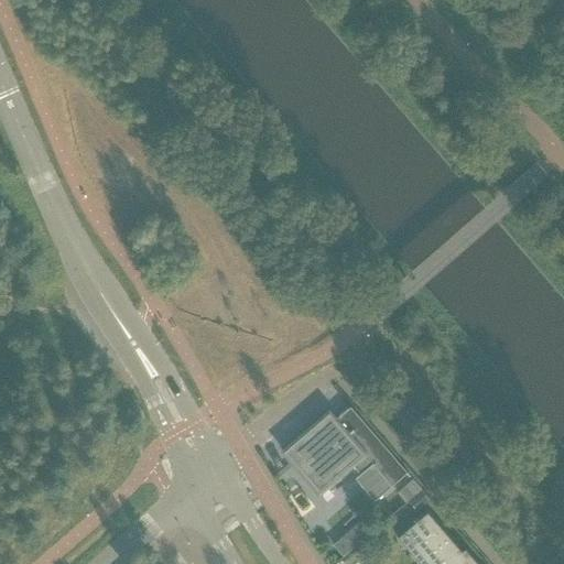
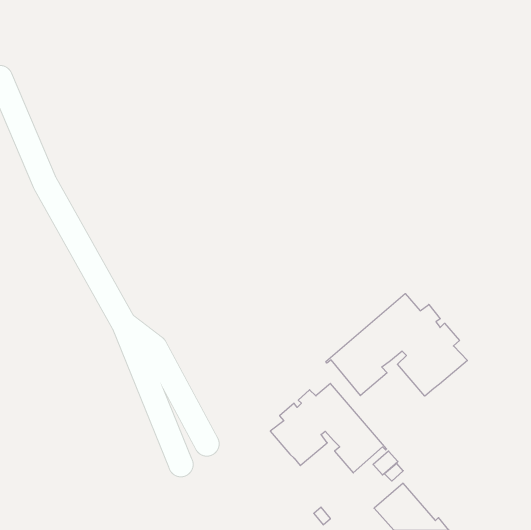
building: none -> [326,294,467,396]

